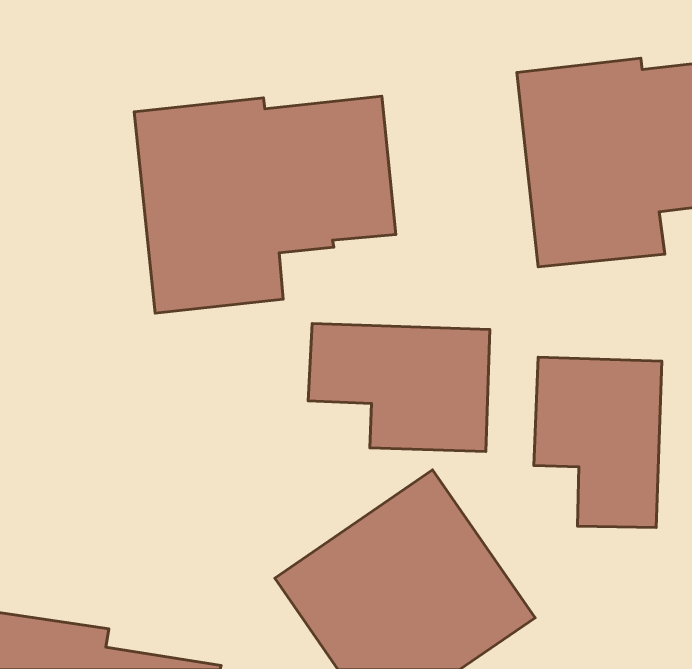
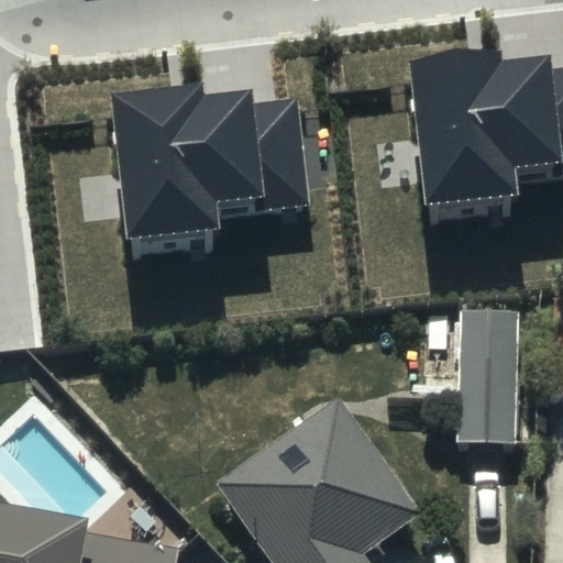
building: [308,323,490,451] -> none

